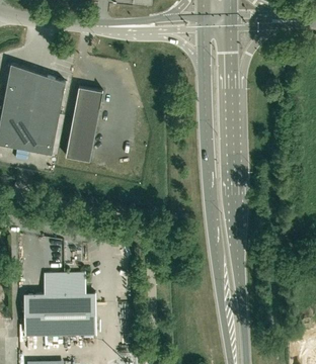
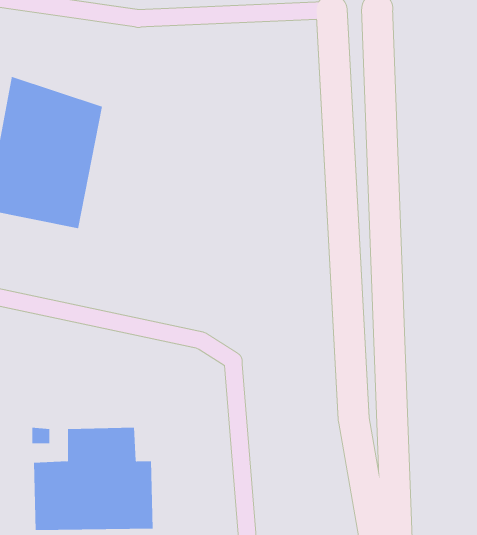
building: [65,87,103,161] -> none

